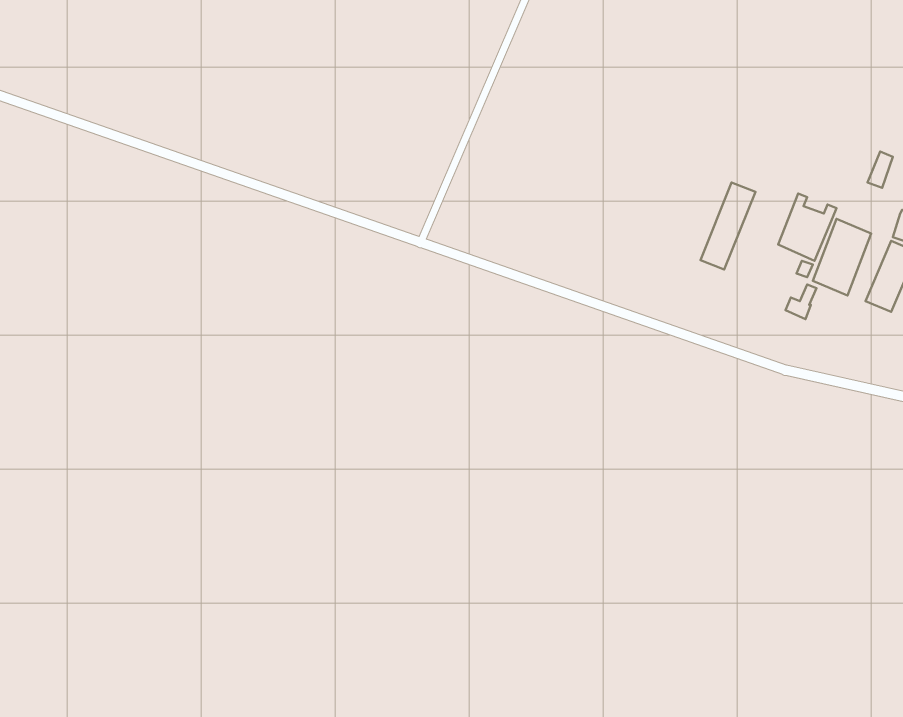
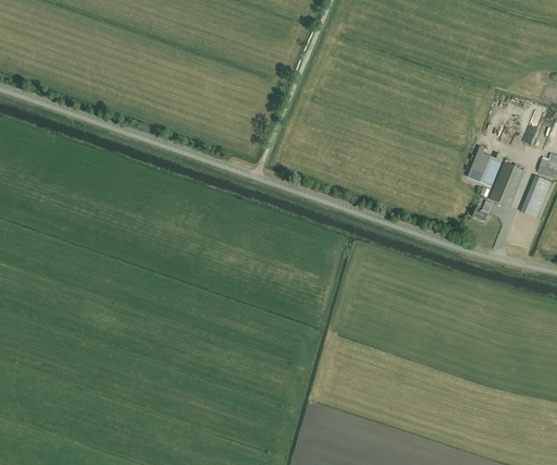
building: [700,183,755,270] -> none

